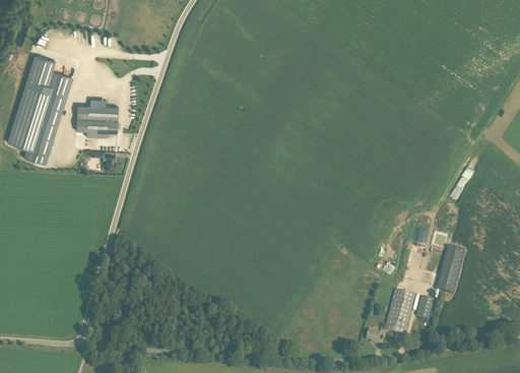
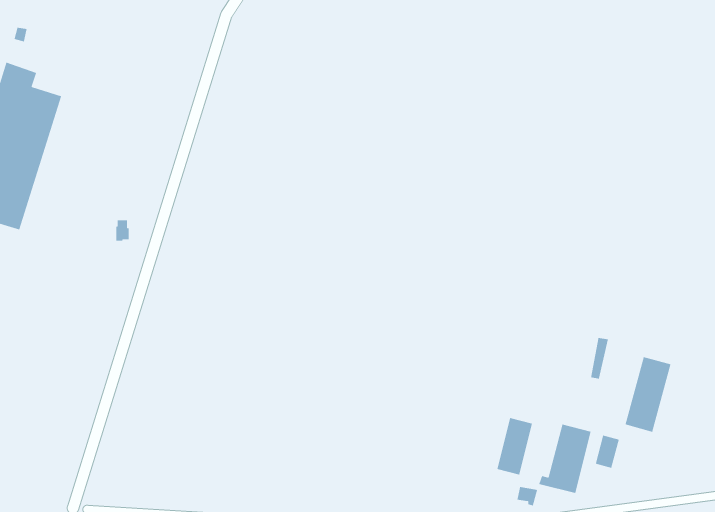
building: [74,104,117,136] -> none
building: none -> [496,417,533,475]

